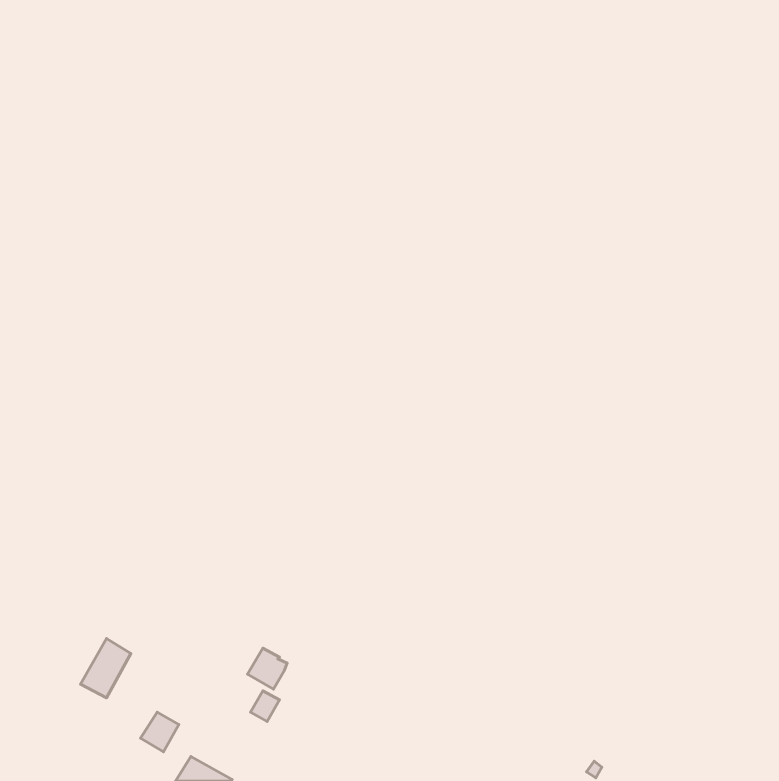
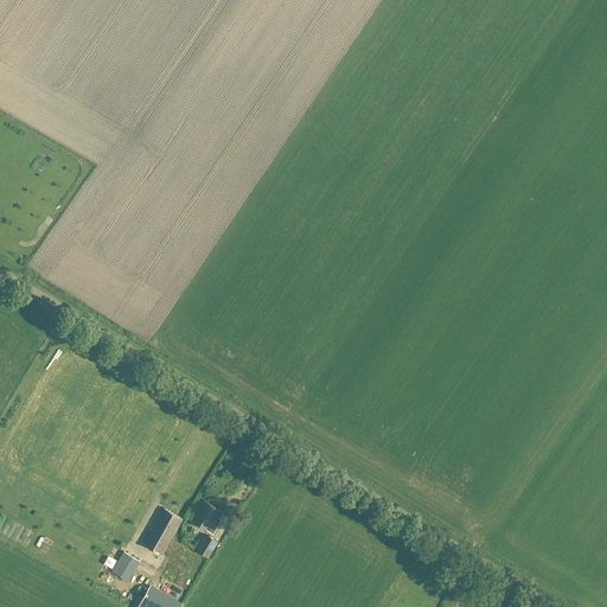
building: [80,638,131,698] -> [141,509,180,555]

